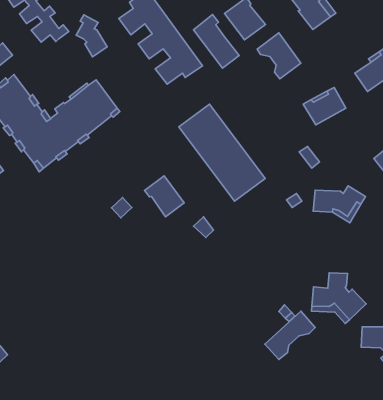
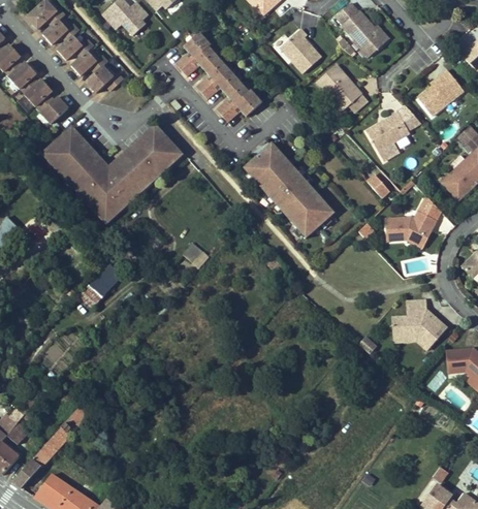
building: [193,15,239,68] -> none
building: [76,15,107,57] -> none
building: [144,176,184,217] -> none
building: none -> [78,262,123,307]
building: [265,311,315,360] -> none

